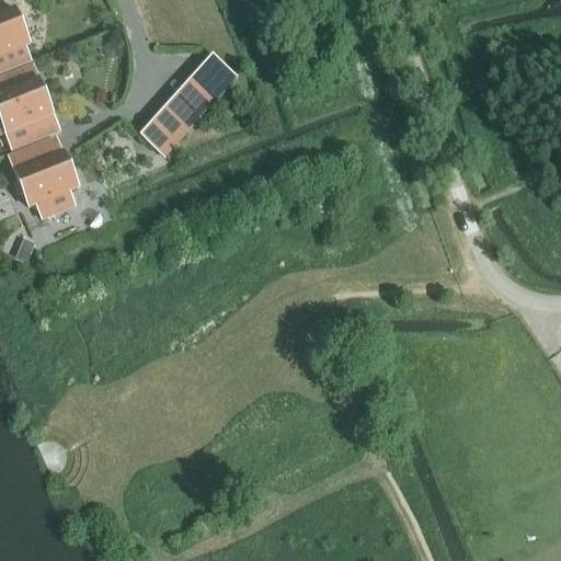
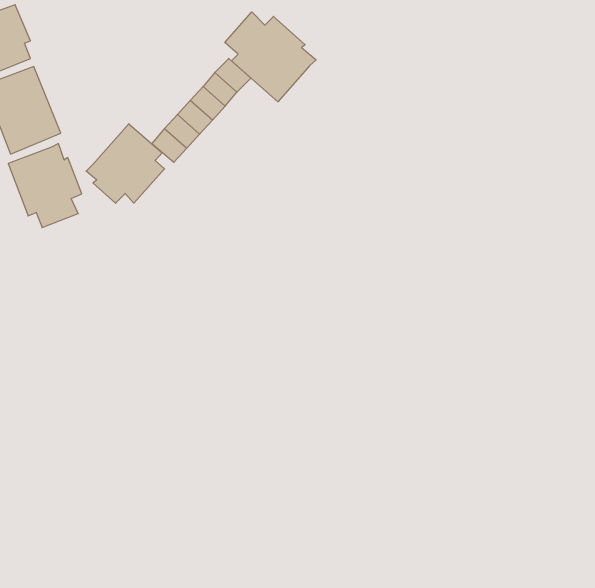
building: none -> [225,12,316,102]
building: none -> [86,124,165,203]

